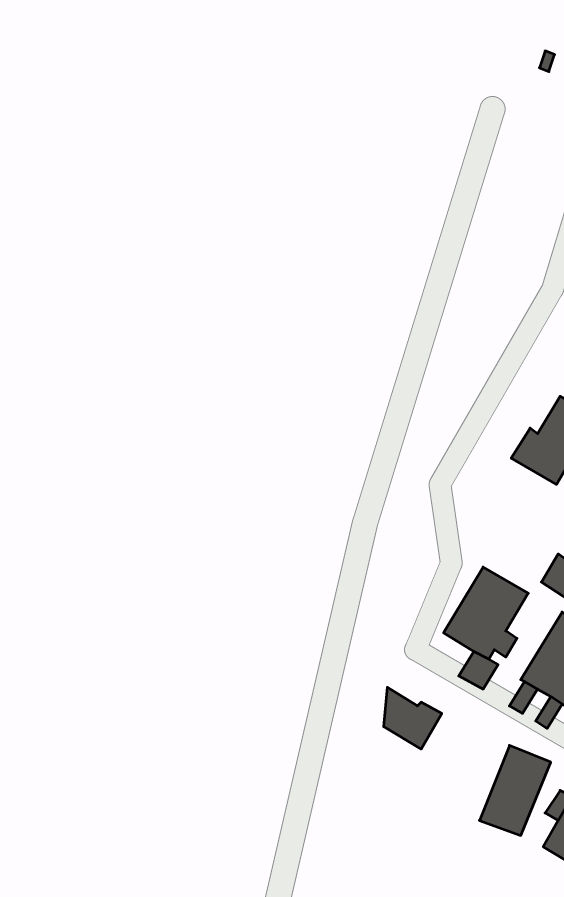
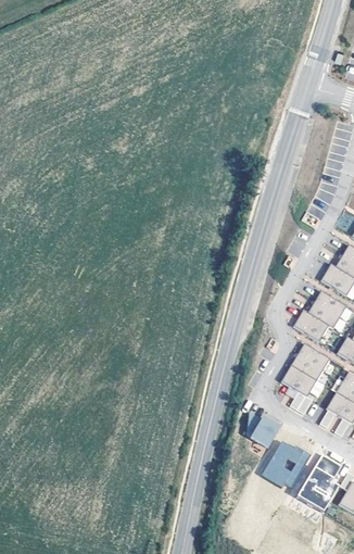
building: none -> [293,291,346,342]
building: none -> [263,444,312,489]

